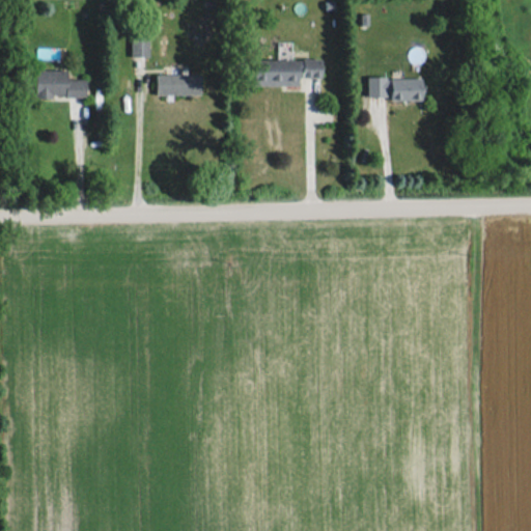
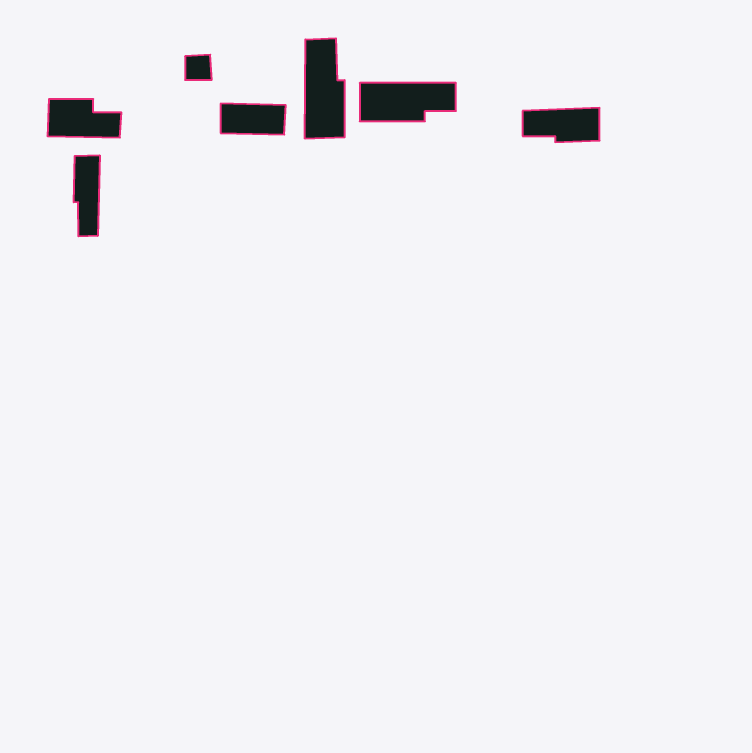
building: none -> [305,38,345,139]
building: none -> [74,155,100,236]

